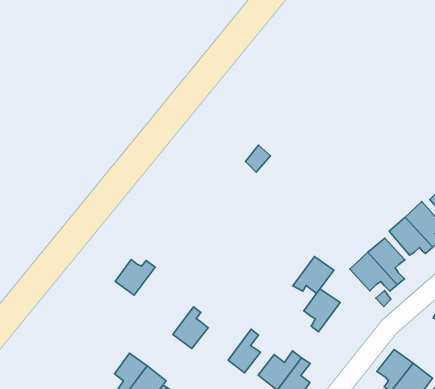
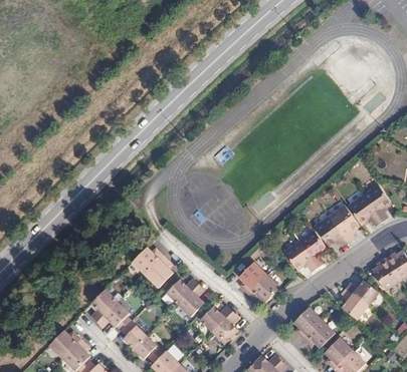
building: [293,256,334,294] -> [252,272,284,300]
building: [115,259,155,295] -> [130,254,161,281]
building: none -> [169,276,203,305]

